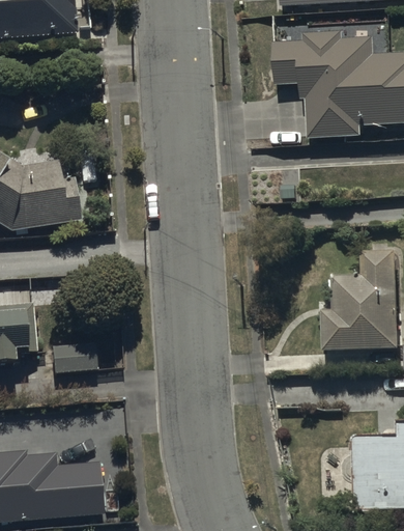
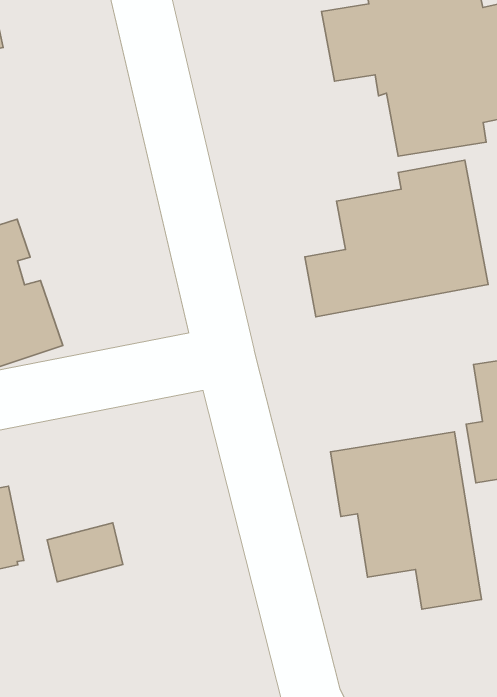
building: none -> [305,160,488,317]
building: none -> [331,432,481,609]

